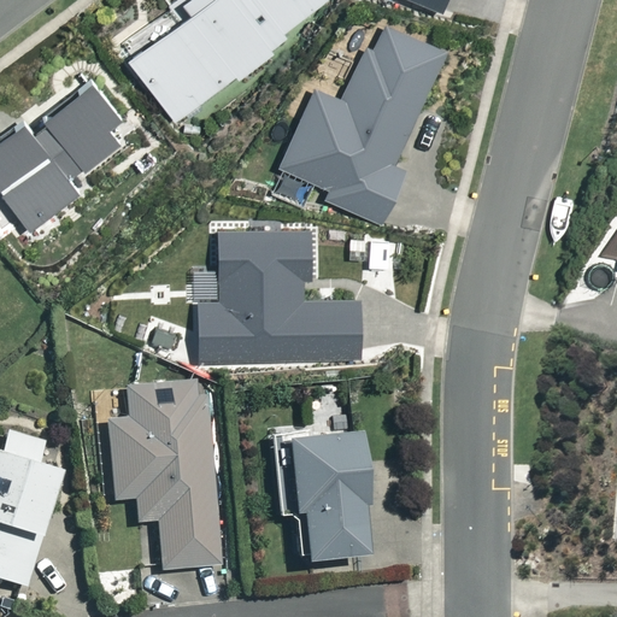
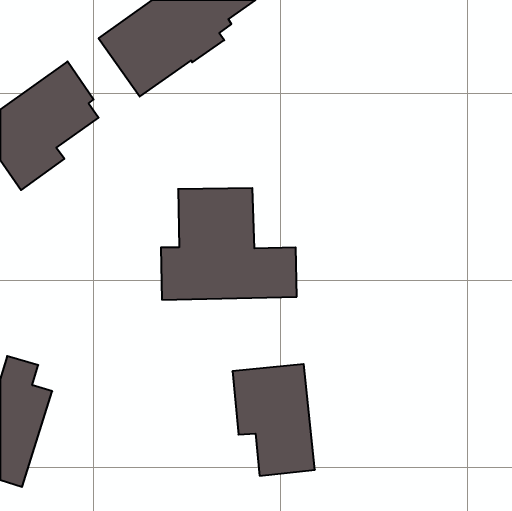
building: [280,24,442,224] -> none
building: [110,386,222,572] -> none

